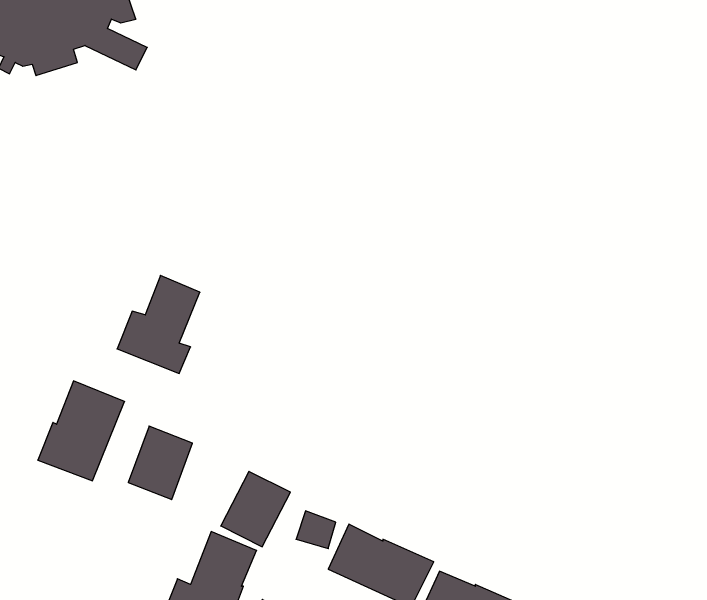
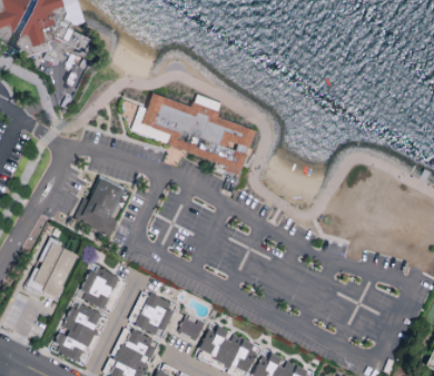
building: none -> [122,93,255,172]
building: none -> [56,300,102,363]

